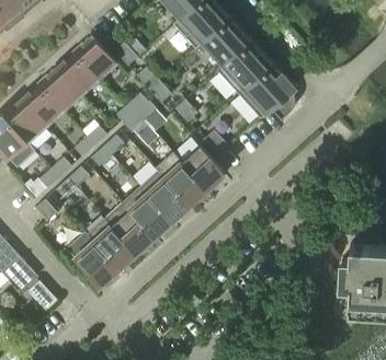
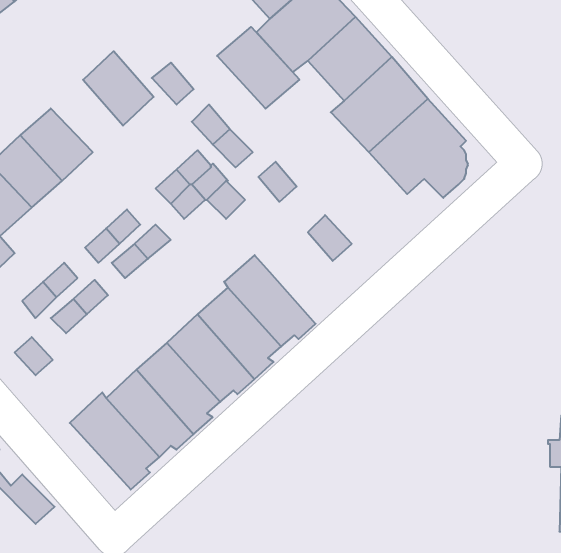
building: none -> [217,27,299,109]
building: [55,53,96,94] -> none
building: [181,147,224,193] -> none

